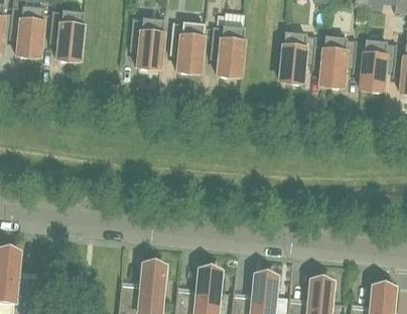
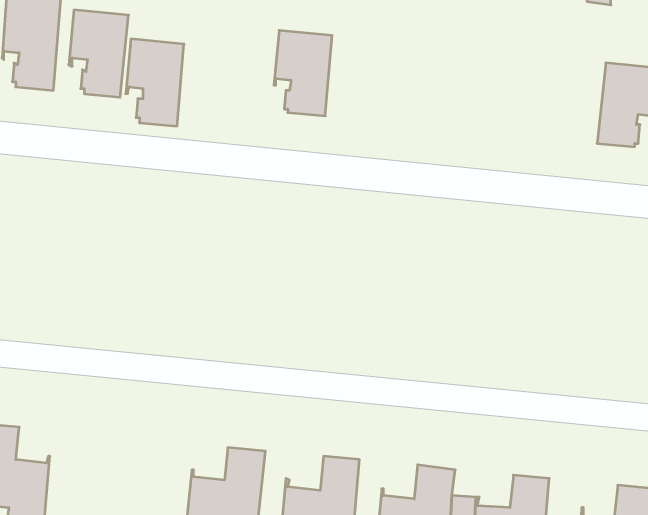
building: [130,18,164,69] -> [126,39,184,126]
building: [210,26,245,76] -> none
building: [280,33,317,83] -> none
building: [320,37,357,87] -> none

